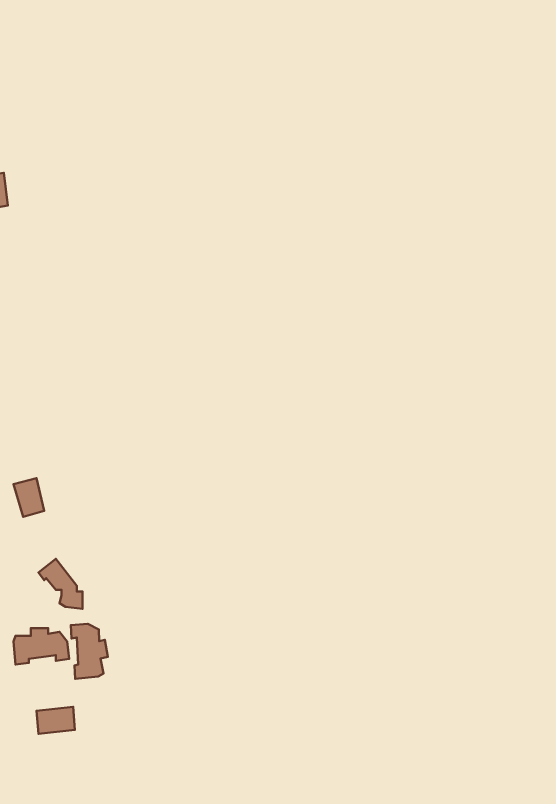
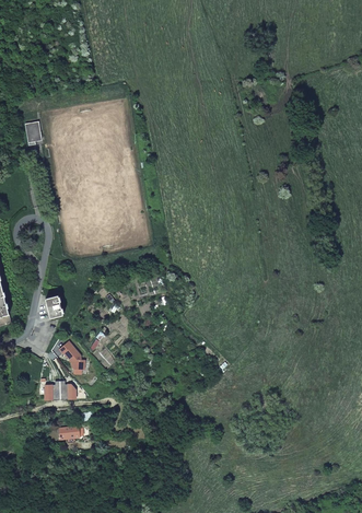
building: [71,624,108,679] -> none

